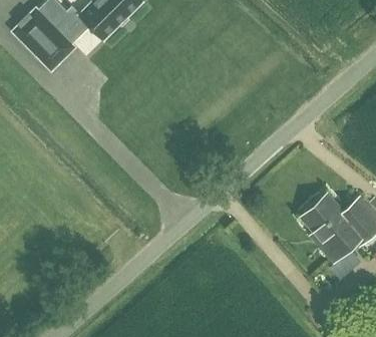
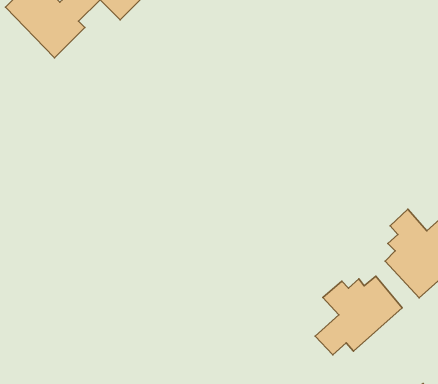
building: none -> [315,276,402,355]

